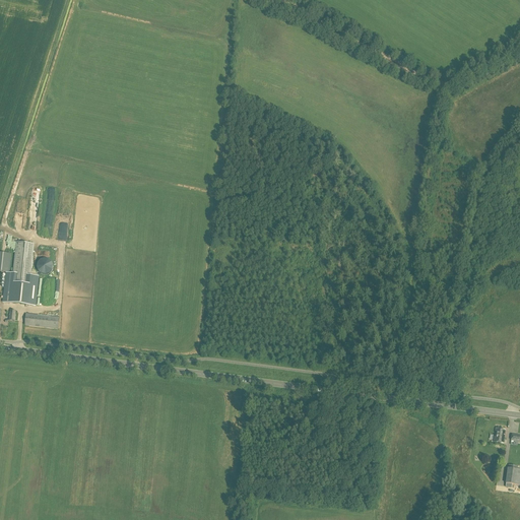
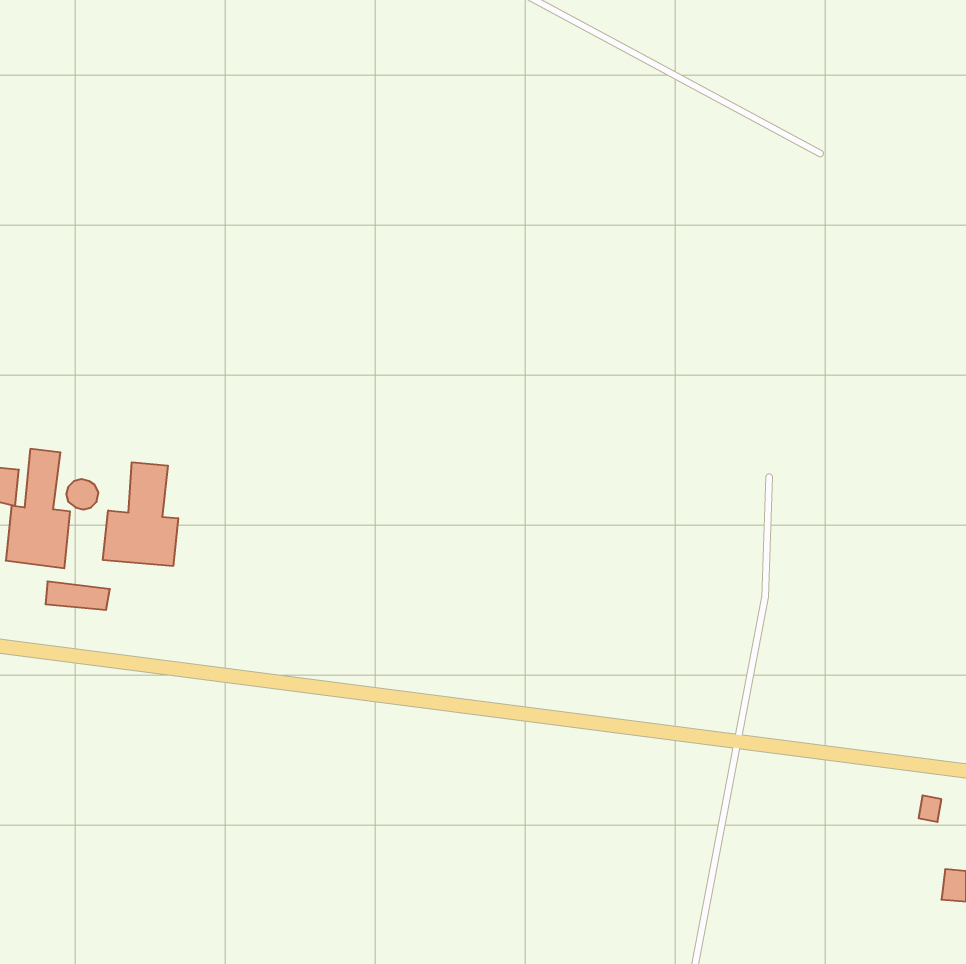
building: none -> [103,462,178,566]

